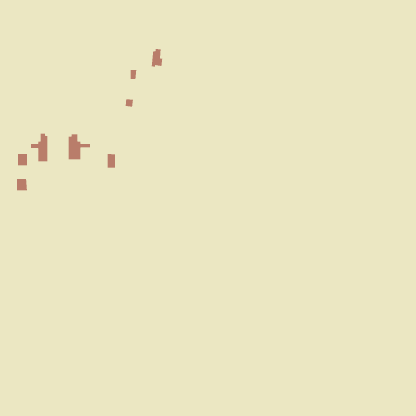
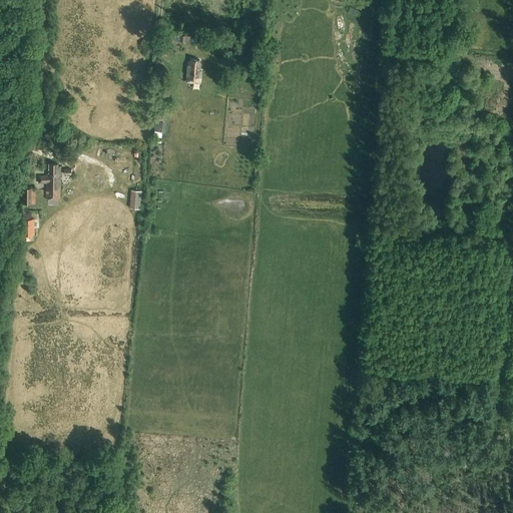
building: [68,134,91,160] -> none

